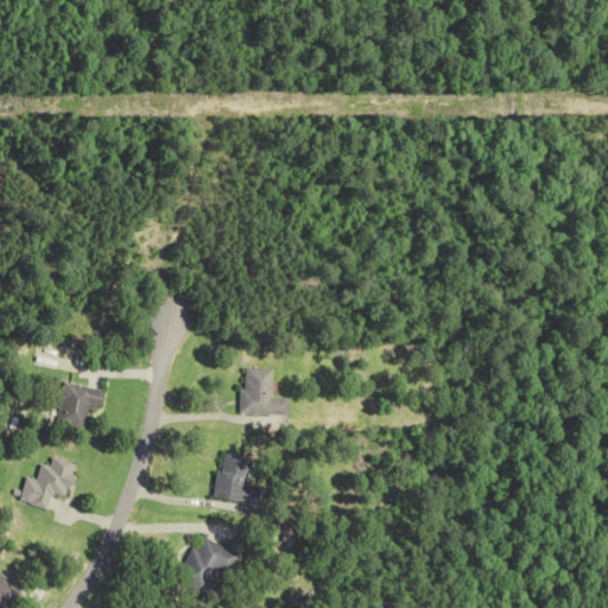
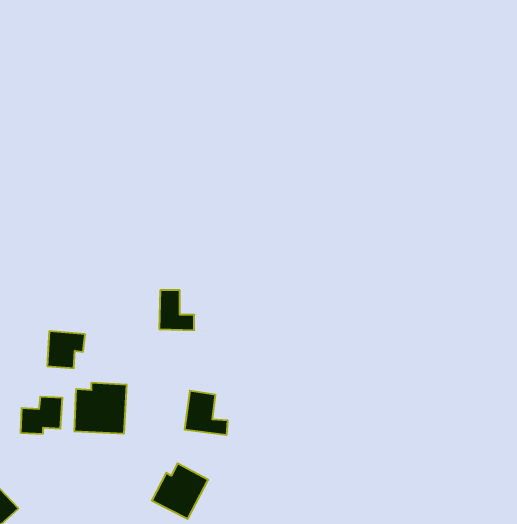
building: [246,369,286,416] -> [159,290,194,330]
building: none -> [74,383,126,434]

